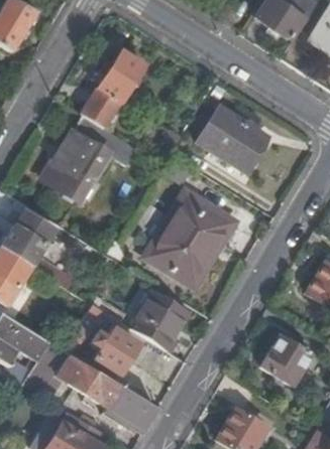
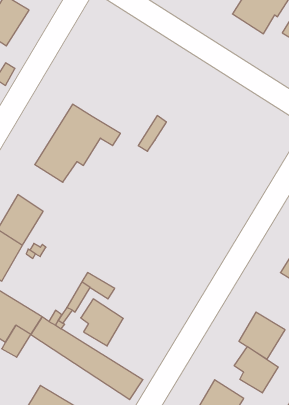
building: [84,50,144,127] -> none
building: [198,105,268,171] -> none
building: [151,191,238,284] -> none
building: [133,291,189,349] -> none
building: none -> [234,347,278,393]

